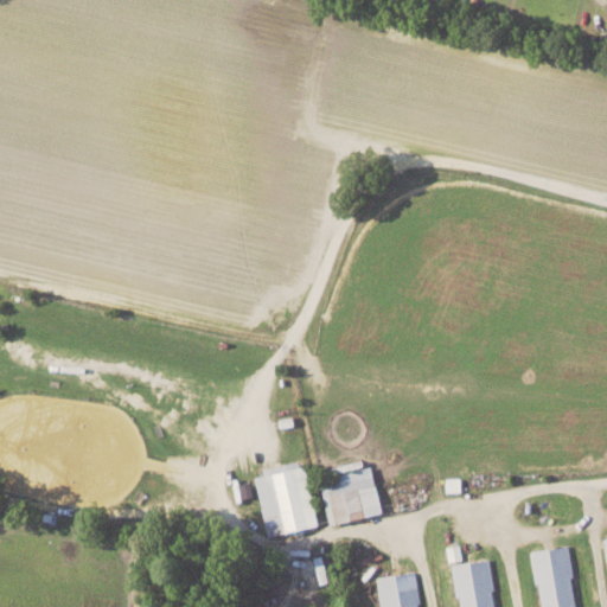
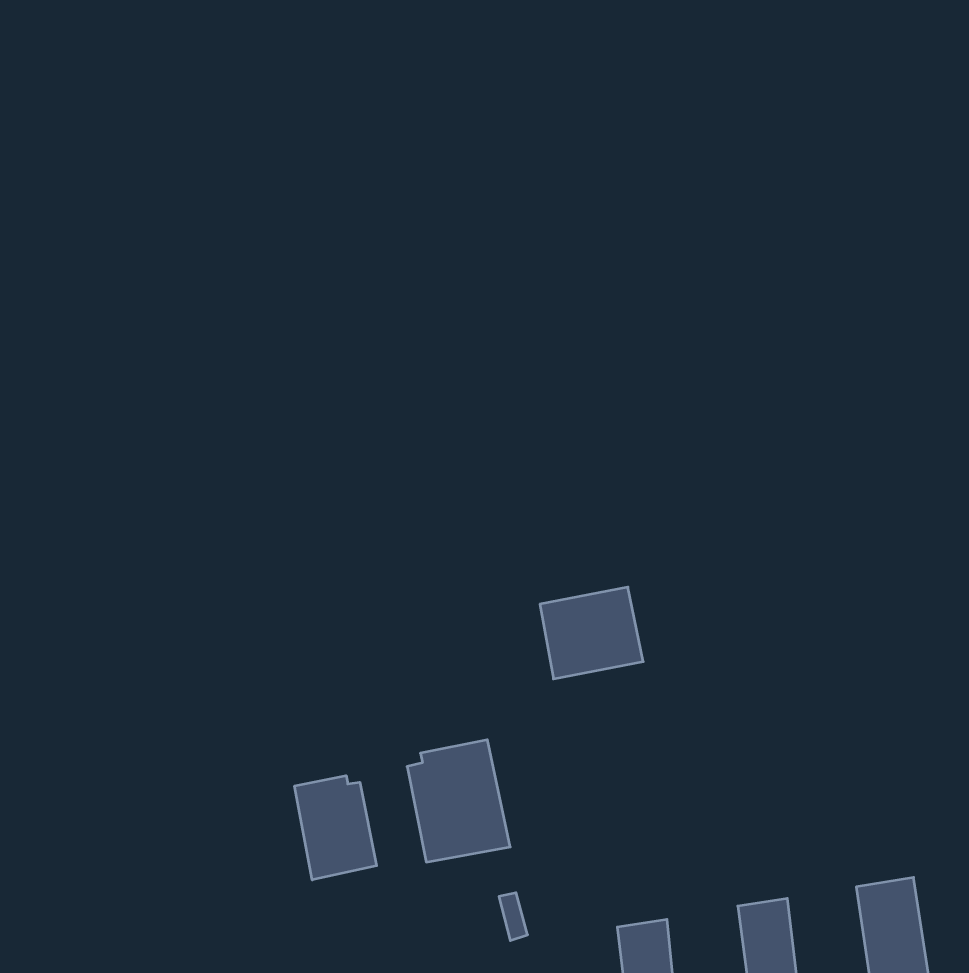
building: [318,468,382,525] -> [540,587,643,679]
building: none -> [295,776,377,880]

